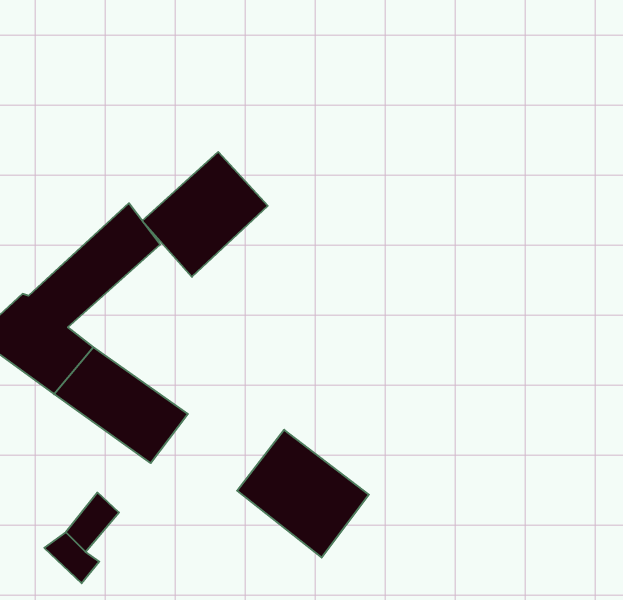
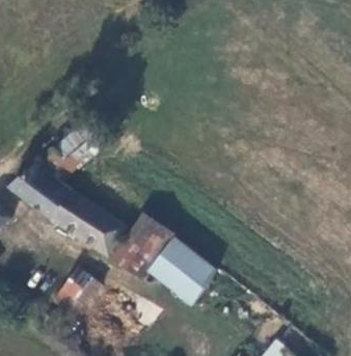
building: [142,152,268,277] -> none
building: none -> [110,212,170,276]

